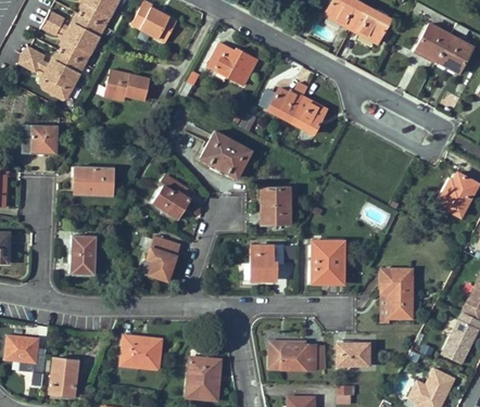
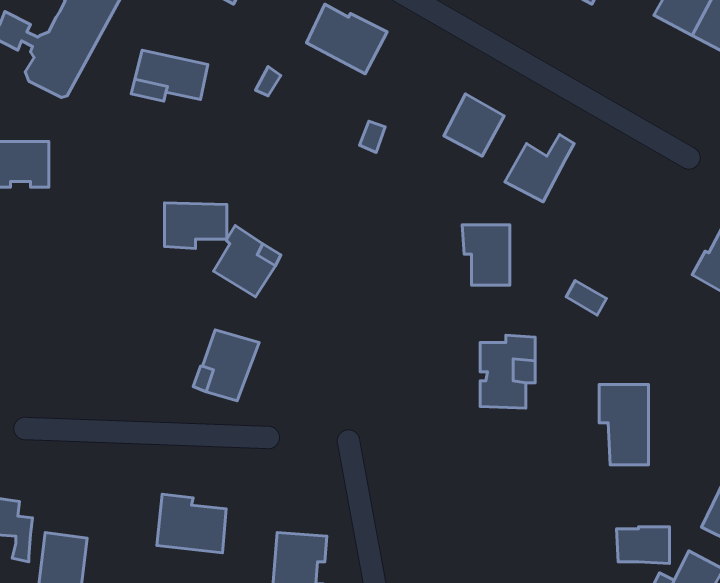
building: [267,81,308,122] -> [505,134,574,202]
building: [202,131,251,177] -> none
building: [75,167,112,194] -> [165,203,227,248]
building: [261,187,289,222] -> [462,225,510,285]
building: [73,236,94,274] -> none
building: [251,245,283,279] -> none
building: [271,341,326,368] -> none
building: [338,343,369,365] -> [616,527,669,564]

